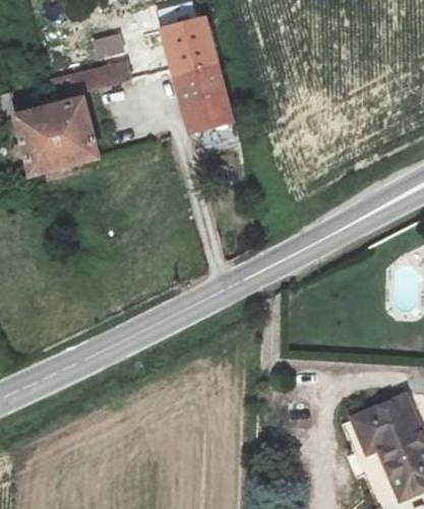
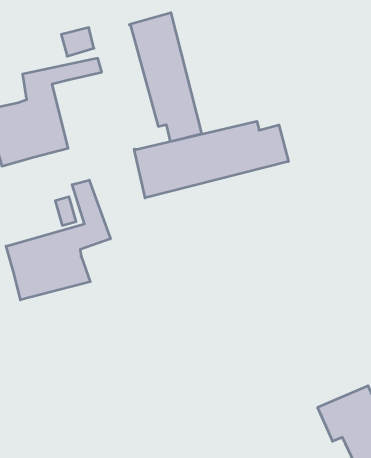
building: none -> [134,121,288,198]
building: none -> [6,180,110,300]

